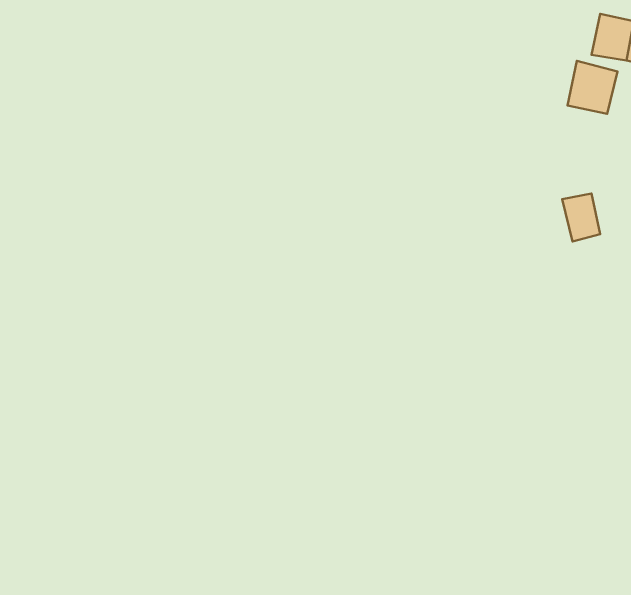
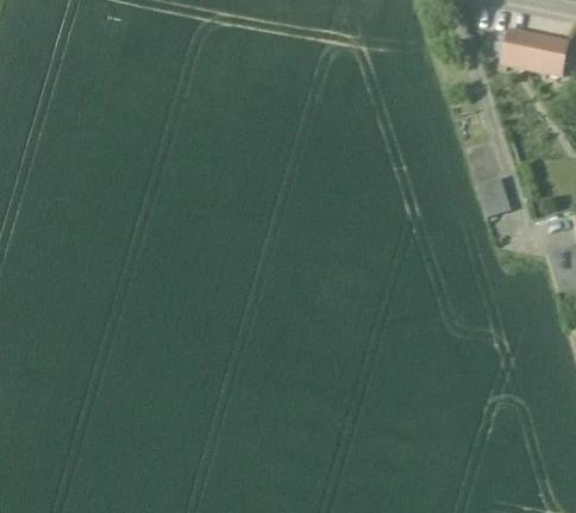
building: [567,61,618,114] -> none

